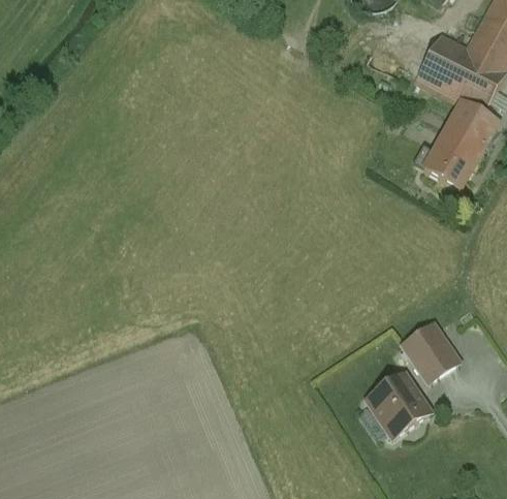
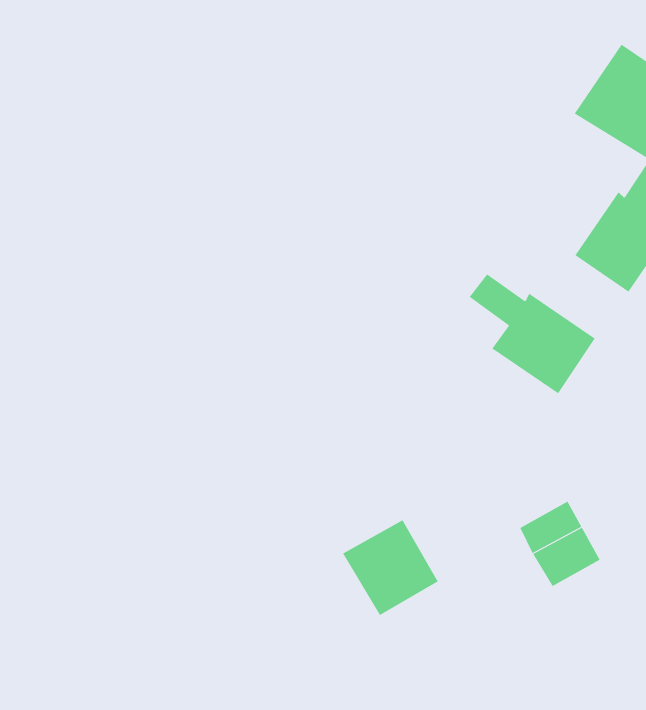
building: none -> [469,273,596,394]
building: [368,373,430,435] -> [342,519,438,616]

